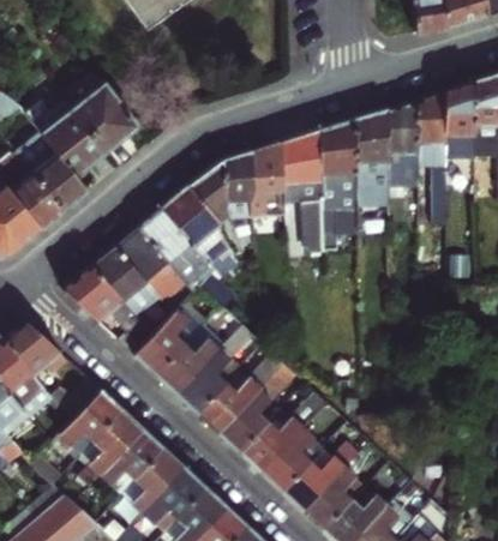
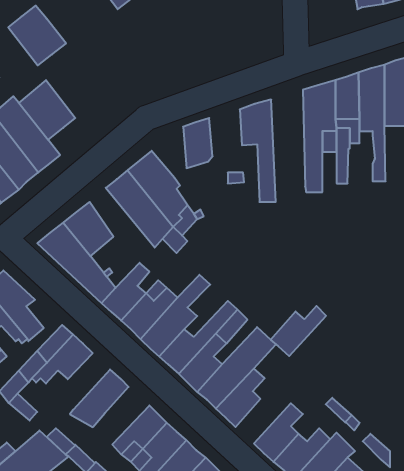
building: [72,85,136,151] -> [8,6,66,65]
building: [320,120,358,251] -> none
building: [252,142,288,193] -> none
building: [188,161,227,217] -> none
building: [120,228,192,303] -> none
building: [91,410,143,473] -> none
building: [133,447,186,511] -> none
building: [281,455,342,510] -> [271,306,326,356]

